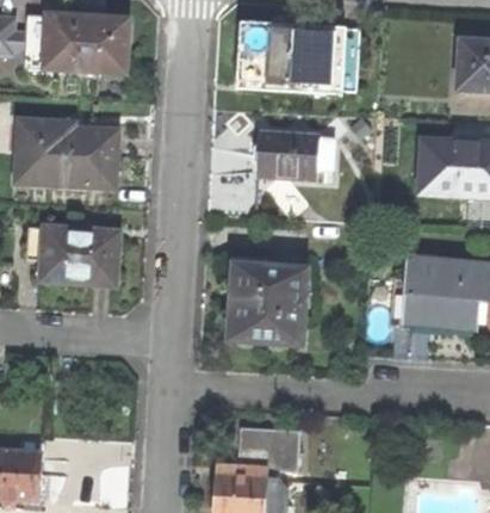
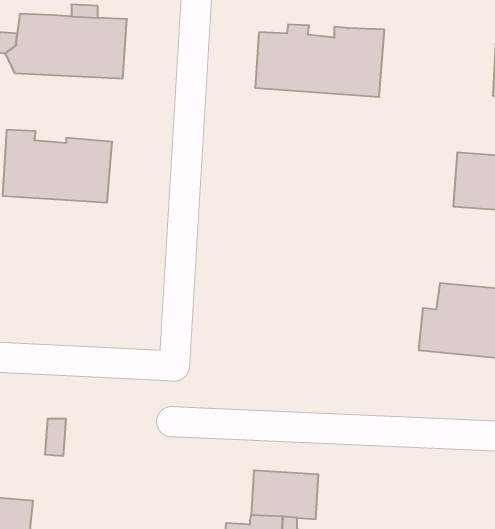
building: [256,132,335,180] -> none
building: [27,228,118,284] -> none
building: [230,267,305,345] -> none

